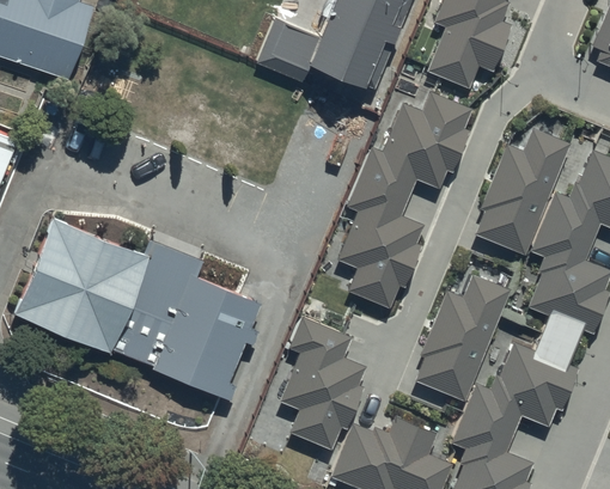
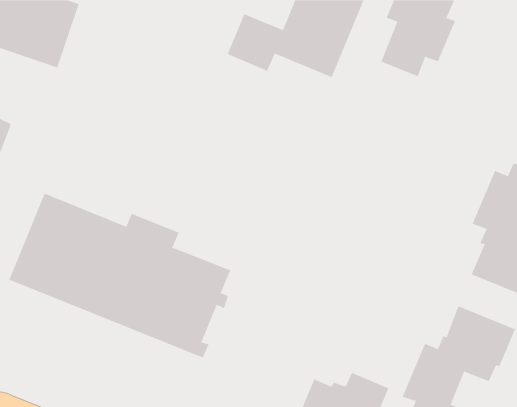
building: [337,92,471,307] -> none
building: [474,129,569,255] -> none
building: [414,275,510,402] -> none
building: [280,317,366,450] -> none

